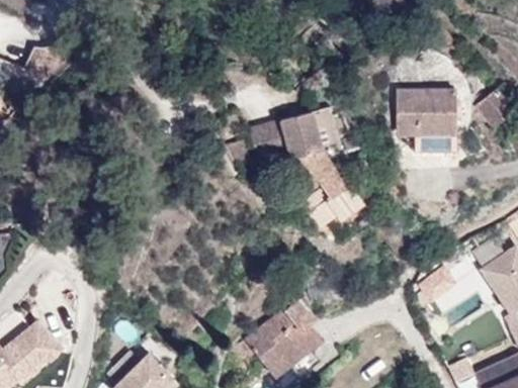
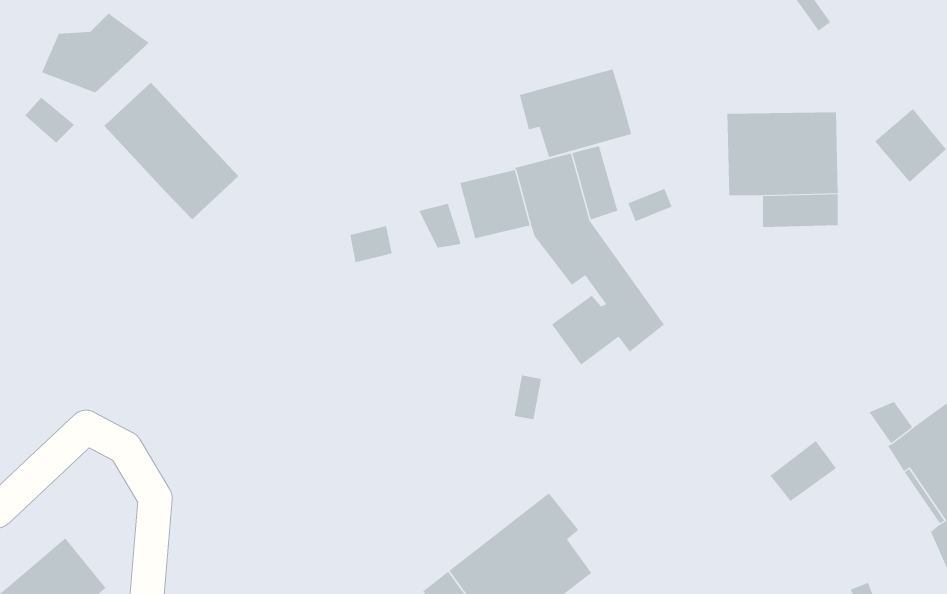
building: none -> [519,68,632,158]
building: none -> [104,82,239,220]

